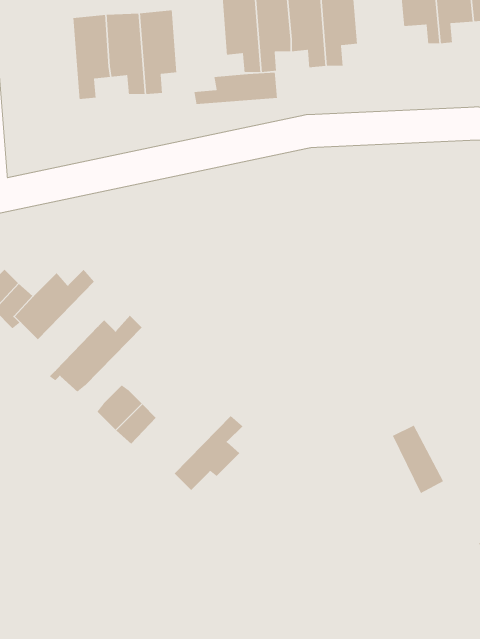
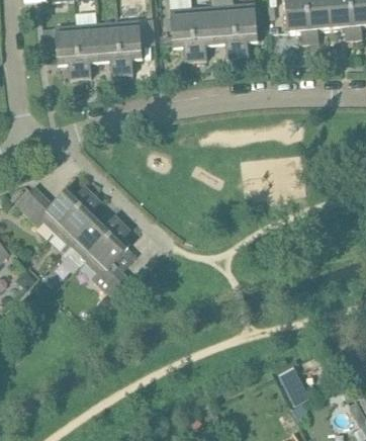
building: none -> [55,25,80,79]
building: [194,72,278,105] -> none
building: none -> [54,194,98,251]
building: [174,415,243,491] -> [84,224,128,272]
building: [392,424,444,494] -> [277,364,310,409]

